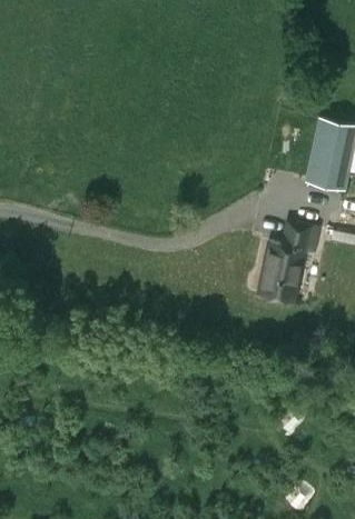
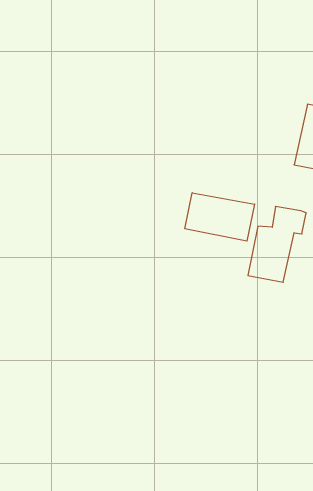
building: none -> [185,193,255,241]

